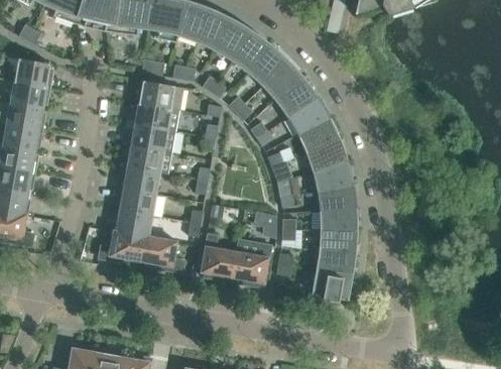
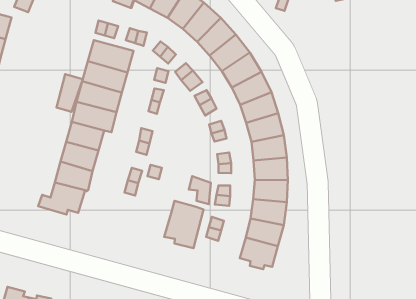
building: none -> [56,74,83,112]
building: [200,234,237,279] -> none
building: [140,236,183,272] -> none

